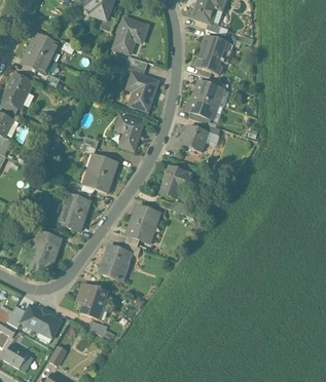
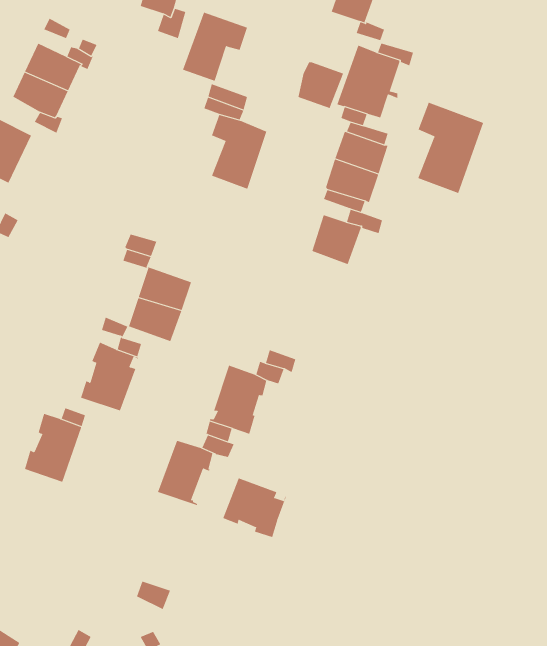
building: none -> [298,61,344,109]
building: none -> [418,102,484,194]
building: [116,115,143,151] -> none
building: [159,166,192,198] -> none
building: none -> [222,478,287,538]
building: [77,282,107,318] -> none
building: [20,304,60,337] -> none

